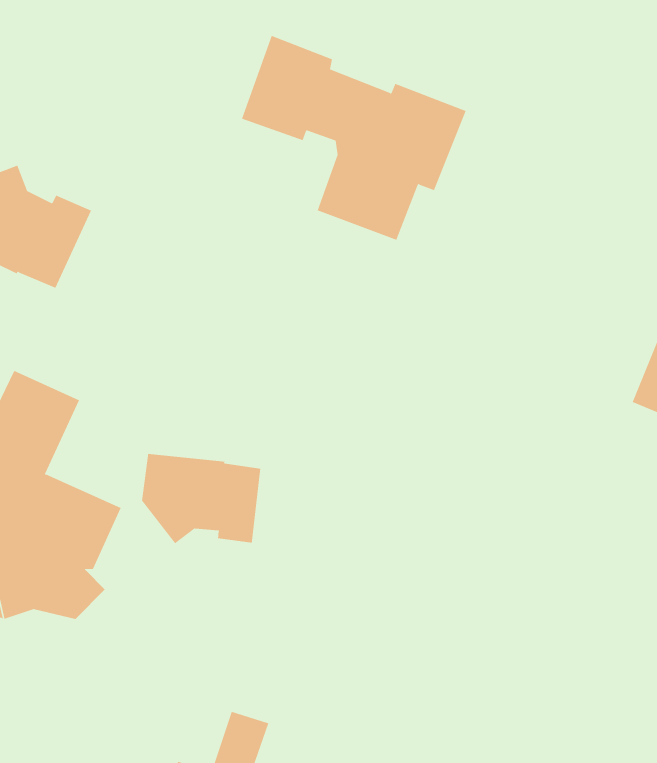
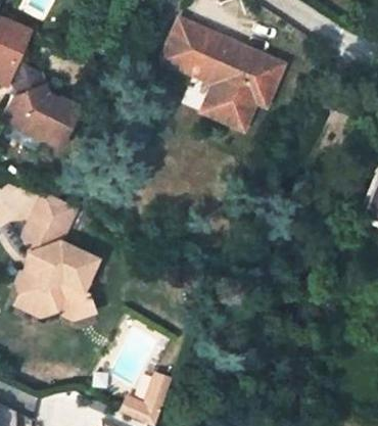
building: [142,453,261,544] -> none

